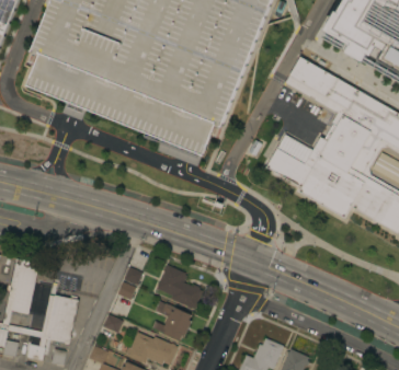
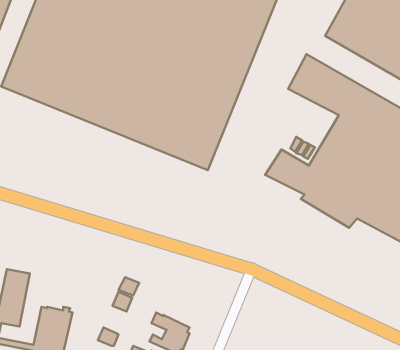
building: [157,265,203,309] -> none

